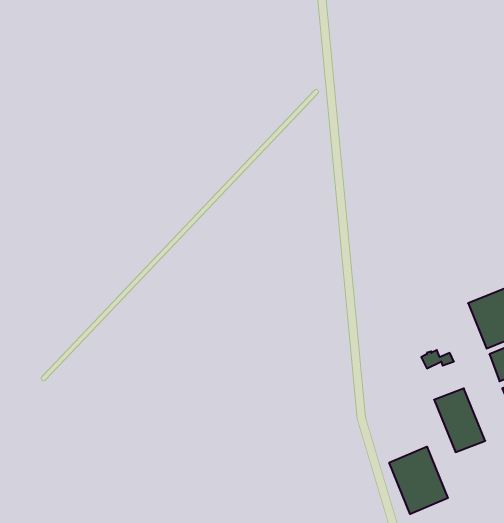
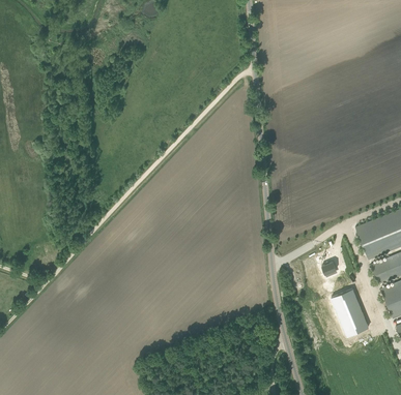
building: [389,447,448,514] -> none

